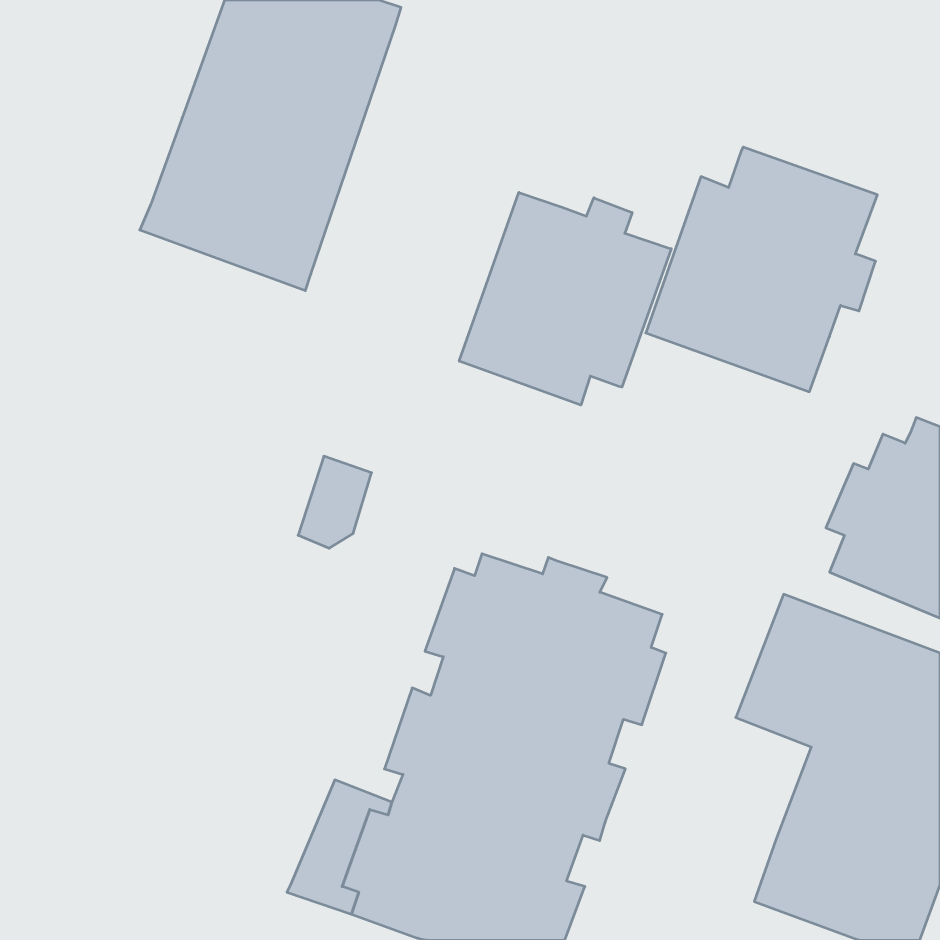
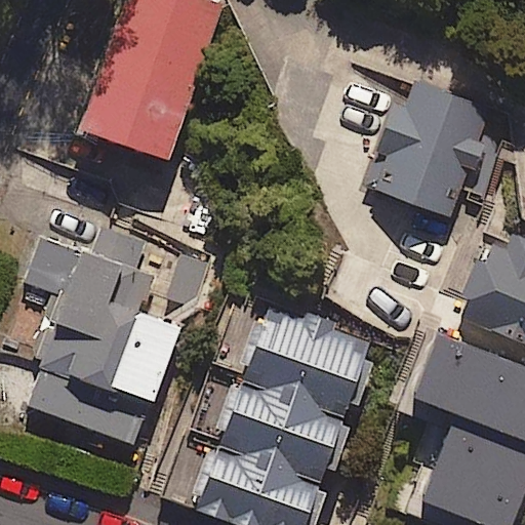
building: [459,192,671,405] -> none
building: none -> [24,228,179,449]

